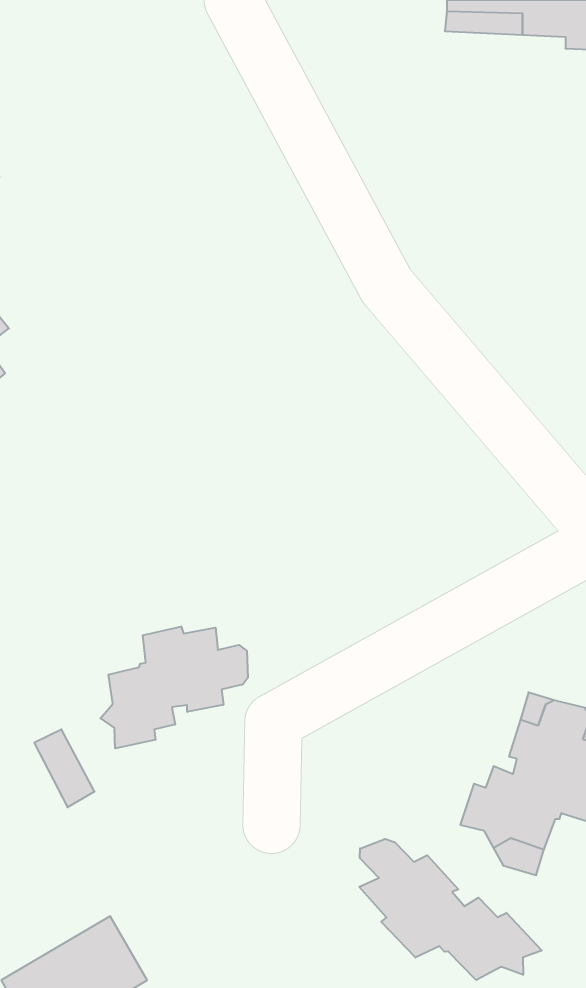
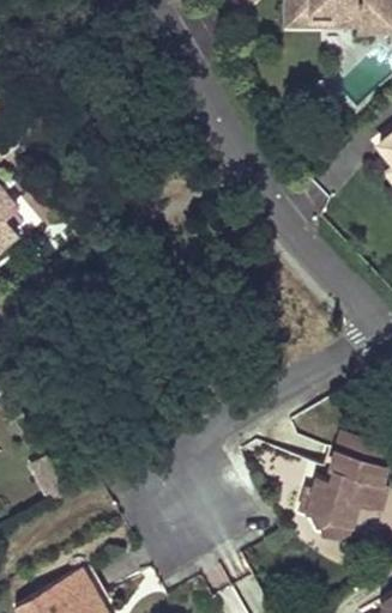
building: [100,626,248,748] -> none
building: [359,839,542,980] -> none

